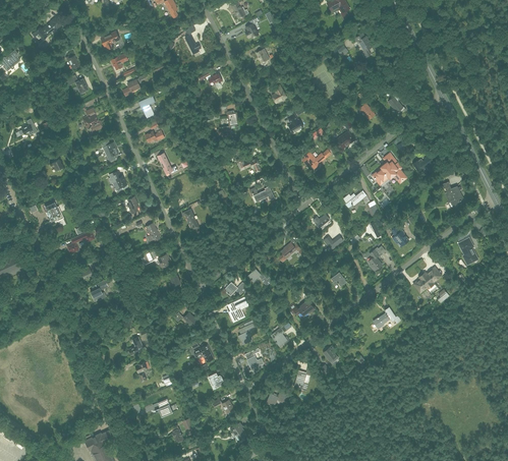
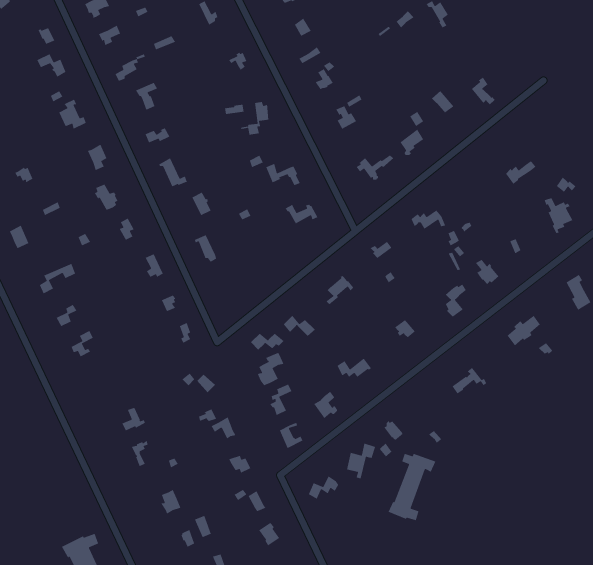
building: [373,156,406,184] -> none
building: none -> [388,453,436,521]

